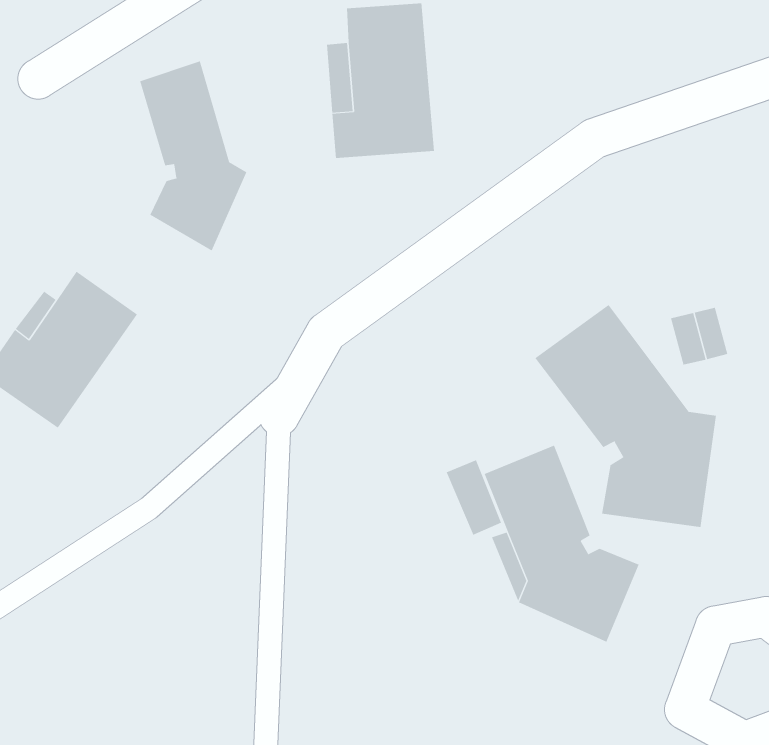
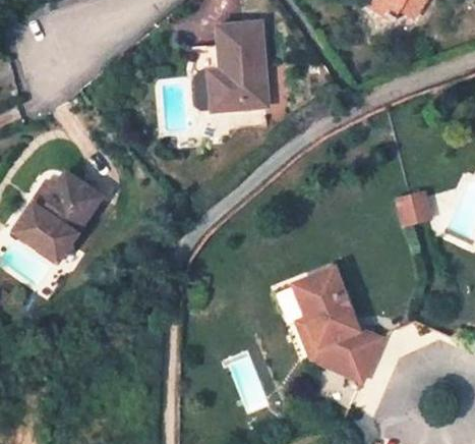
building: [140,61,247,251] -> none
building: [535,304,717,528] -> none

